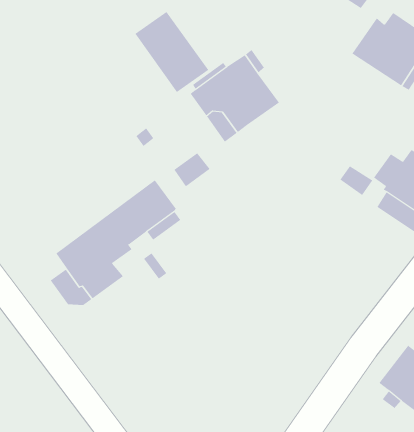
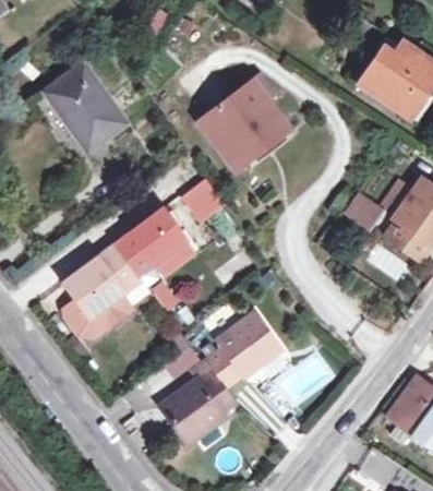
building: [134,11,209,93] -> [50,64,125,146]
building: none -> [160,312,280,442]

